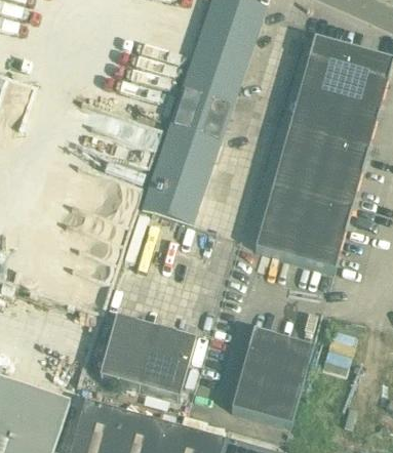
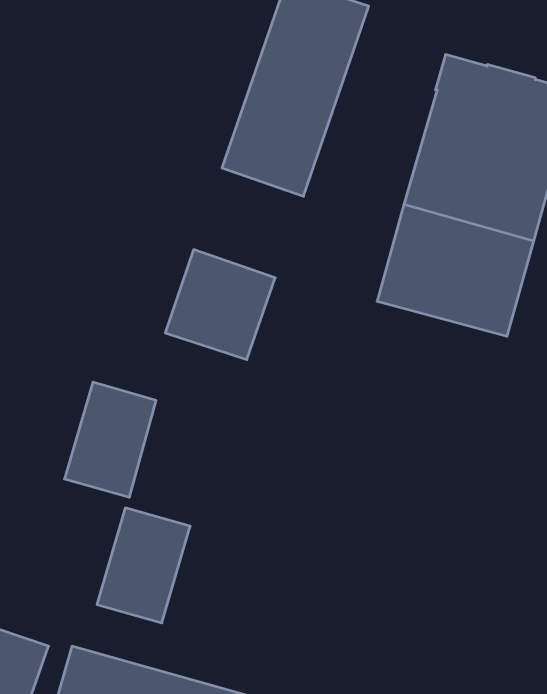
building: [158,108,226,175] -> none
building: [254,190,351,271] -> none
building: [139,328,195,399] -> [64,382,156,497]
building: [231,330,313,426] -> none

